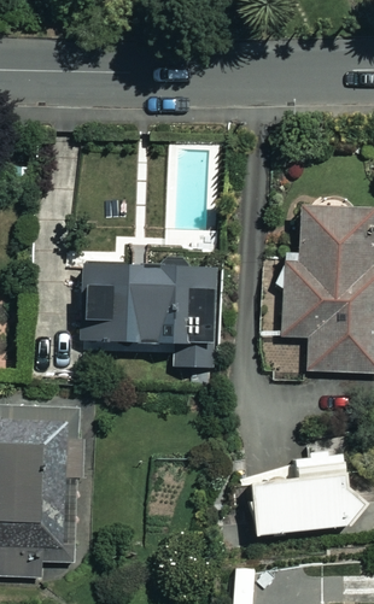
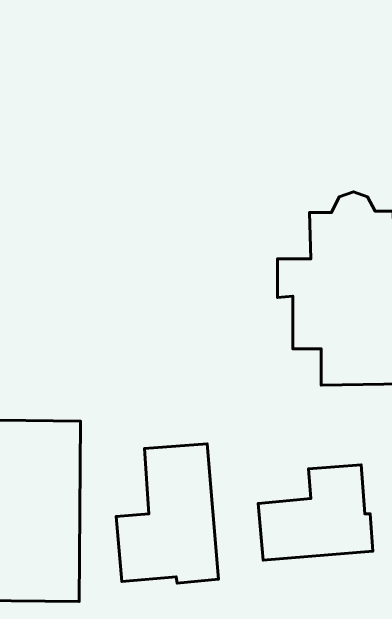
building: [77,268,220,368] -> none
building: none -> [116,444,218,583]

